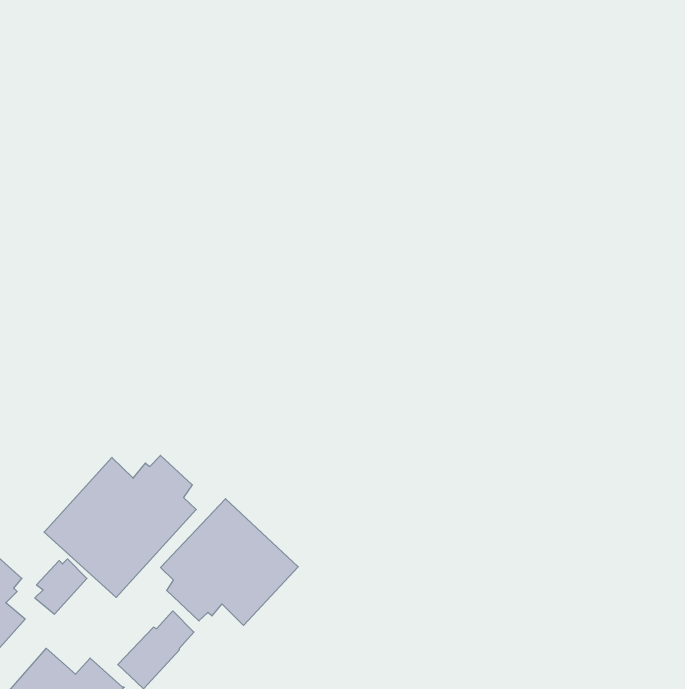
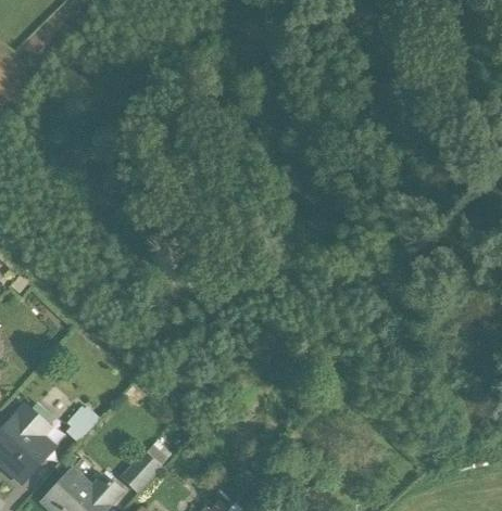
building: [44,455,196,597] -> none
building: [161,499,298,625] -> none

